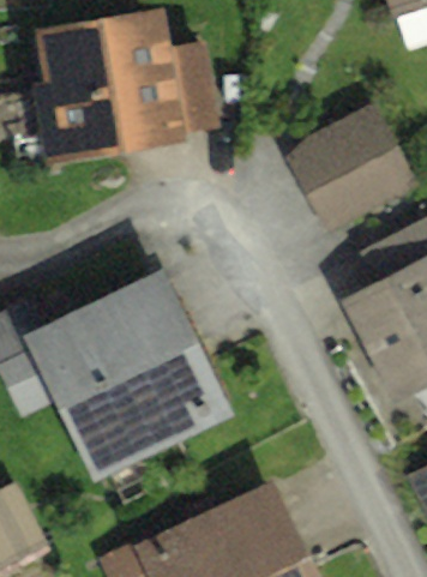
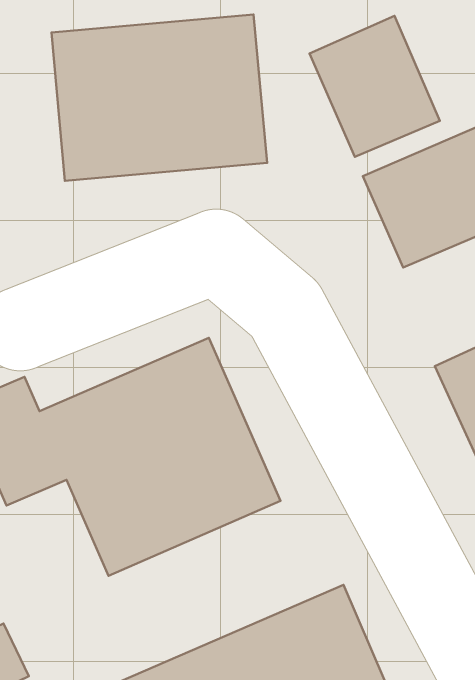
building: none -> [309,16,440,157]

